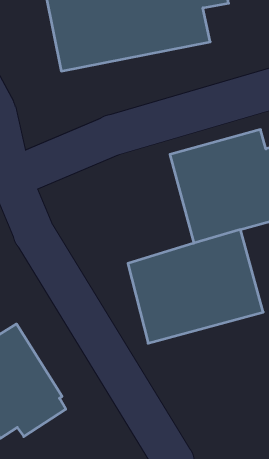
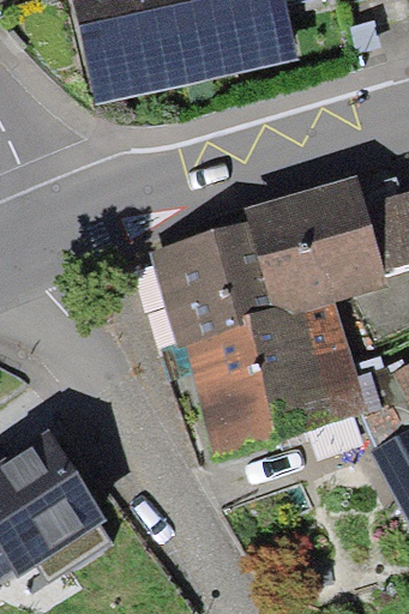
building: none -> [152,225,272,350]

